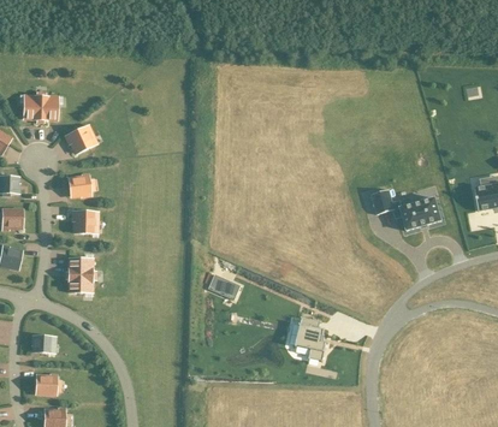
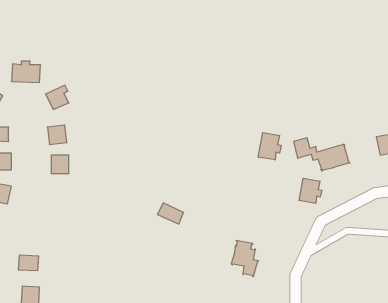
building: none -> [258,133,281,160]
building: none -> [299,178,322,203]
building: [67,257,93,292] -> none

